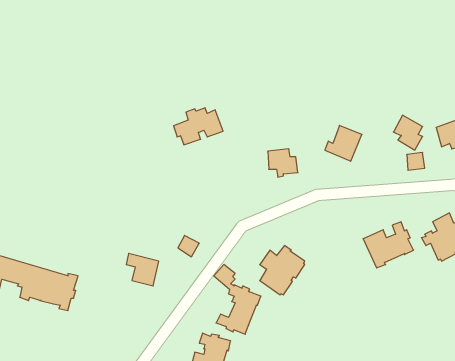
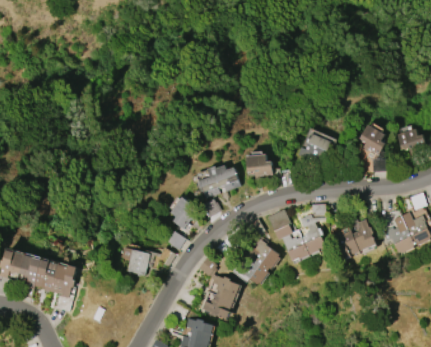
building: [174,108,223,145] -> [197,165,241,198]
building: none -> [170,197,199,229]
building: none -> [267,204,326,261]

